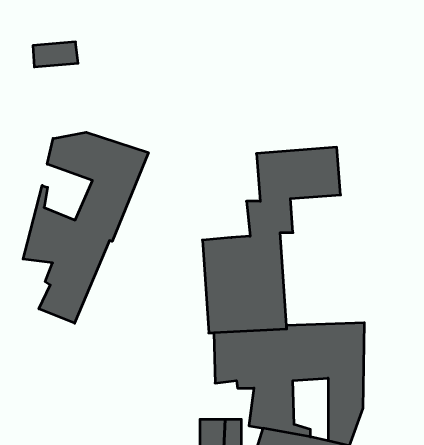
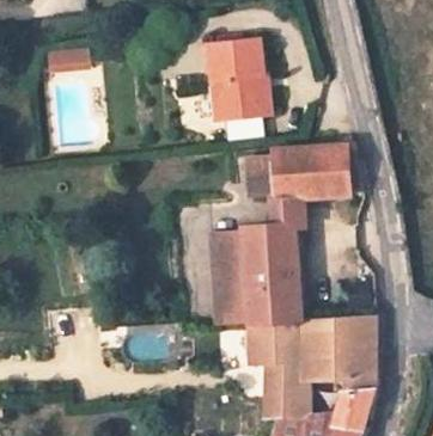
building: none -> [208,43,273,125]
building: [23,132,148,323] -> none

